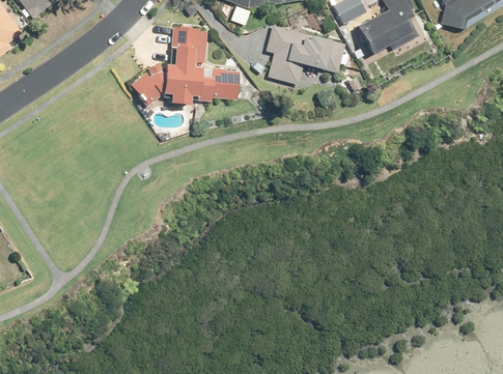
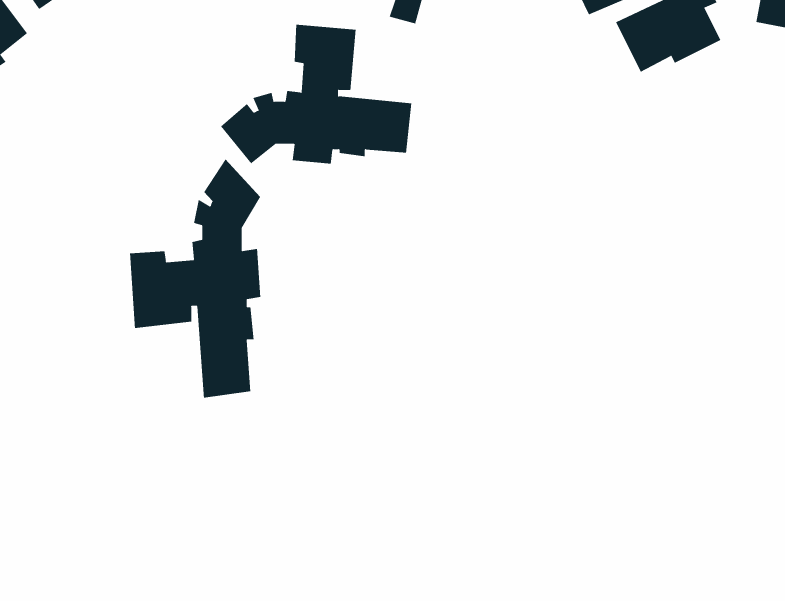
building: [266,24,345,83] -> none
building: none -> [129,159,261,398]

